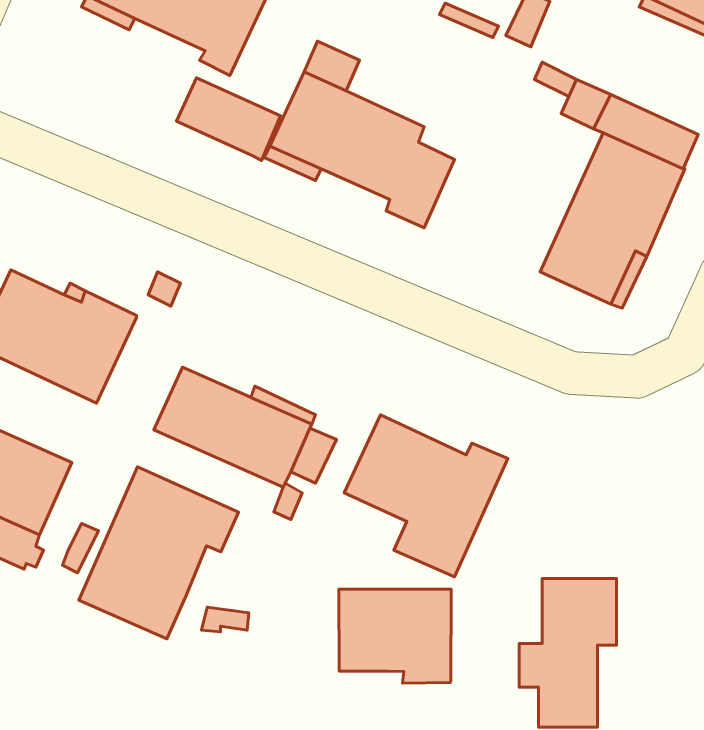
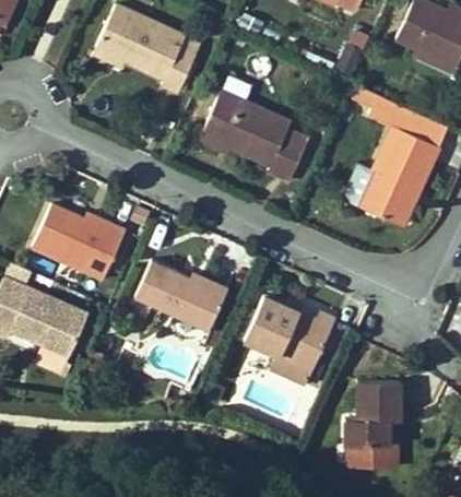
building: [176,78,281,161] -> none
building: [79,467,239,639] -> none
building: [339,589,451,683] -> none

